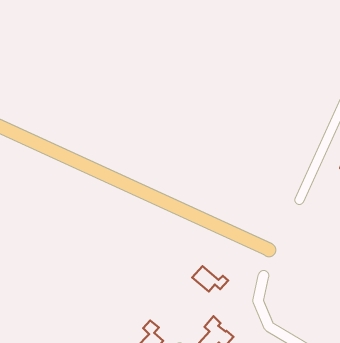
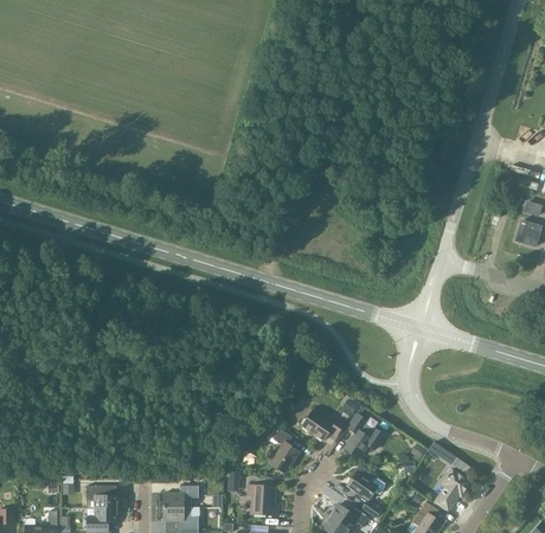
building: [192,266,228,291] -> [301,410,345,439]

